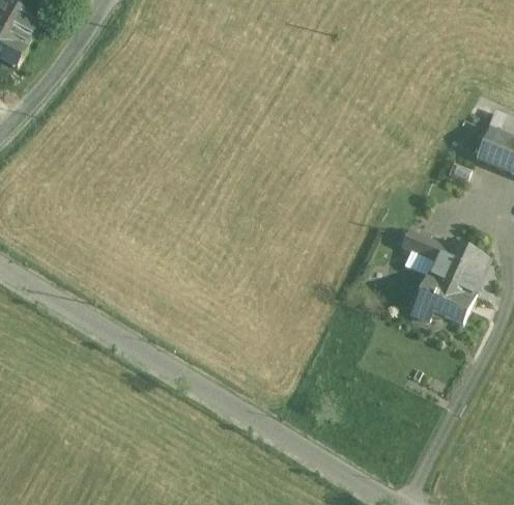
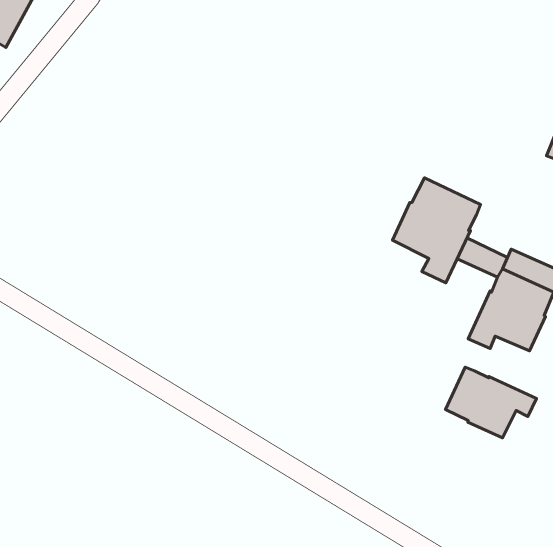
building: none -> [392,178,480,283]
building: none -> [445,367,537,438]

